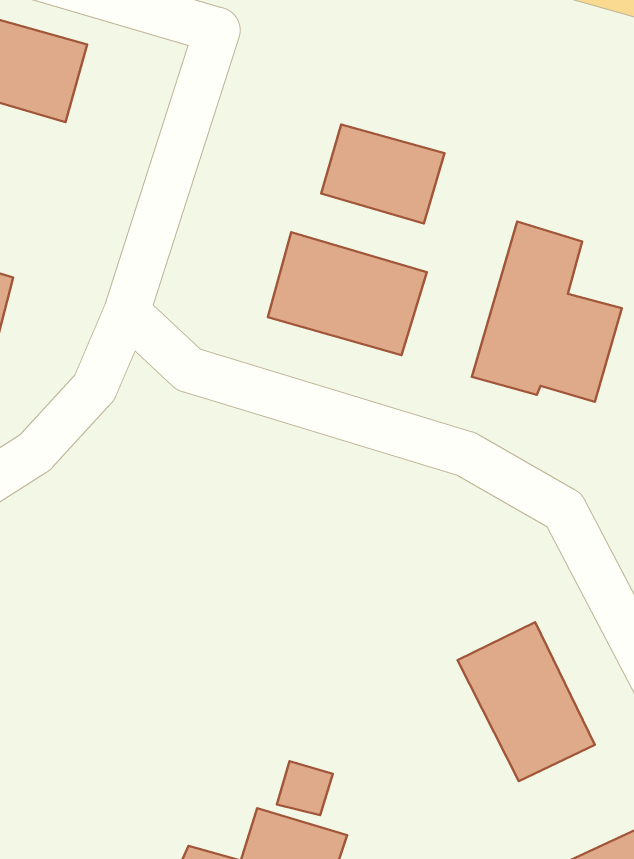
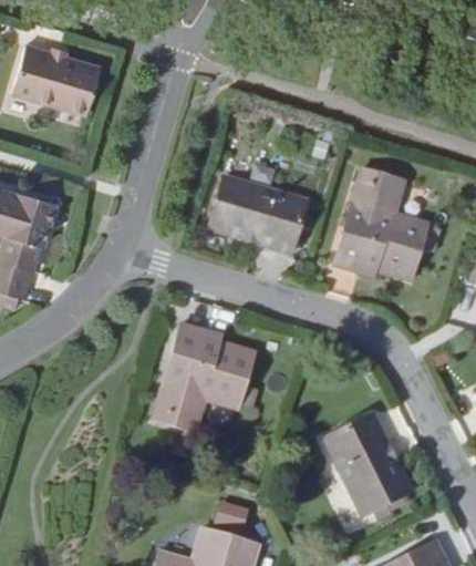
building: [321,124,445,224] -> none
building: none -> [154,326,253,433]

